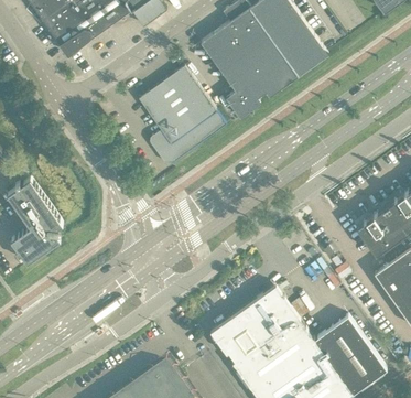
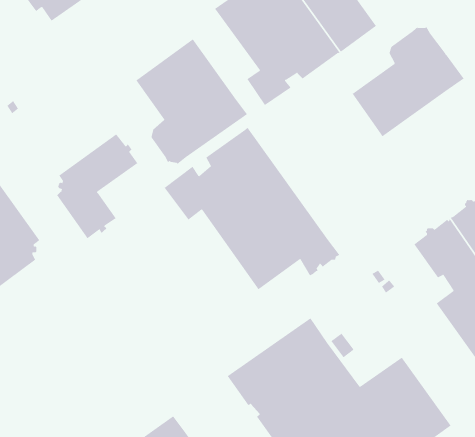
building: none -> [352,26,464,137]
building: none -> [164,127,340,290]
building: none -> [57,133,138,239]

